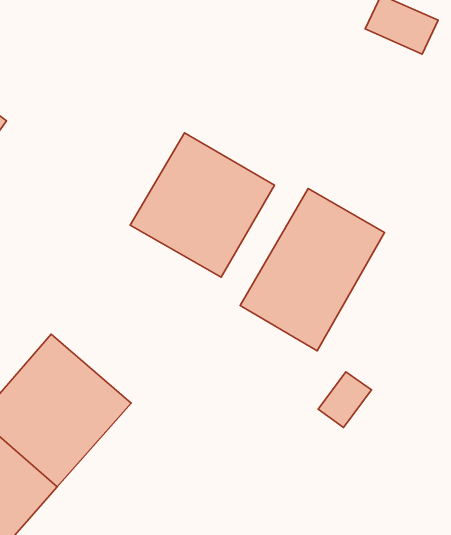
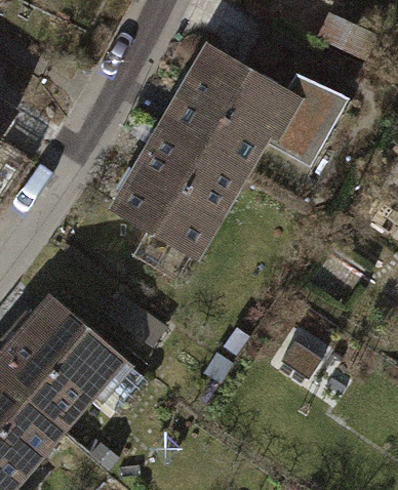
building: none -> [163,55,336,178]
building: [240,188,385,351] -> none

